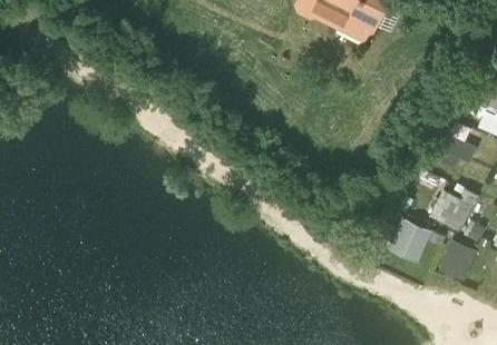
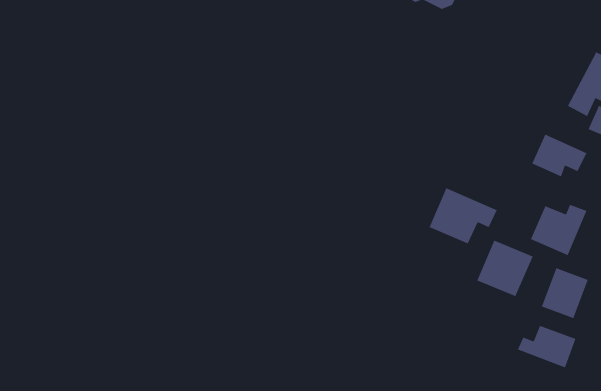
building: none -> [428,187,498,244]
building: none -> [517,325,577,368]

